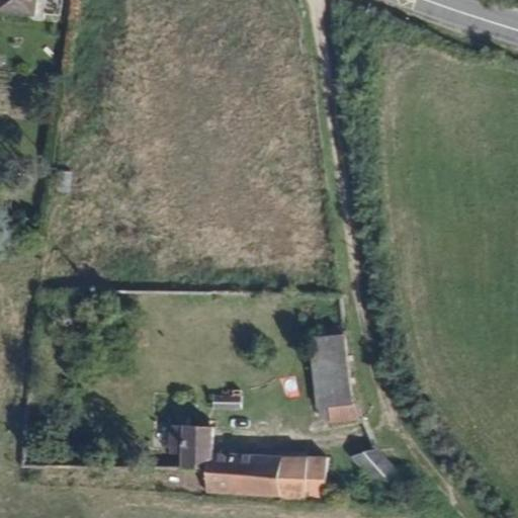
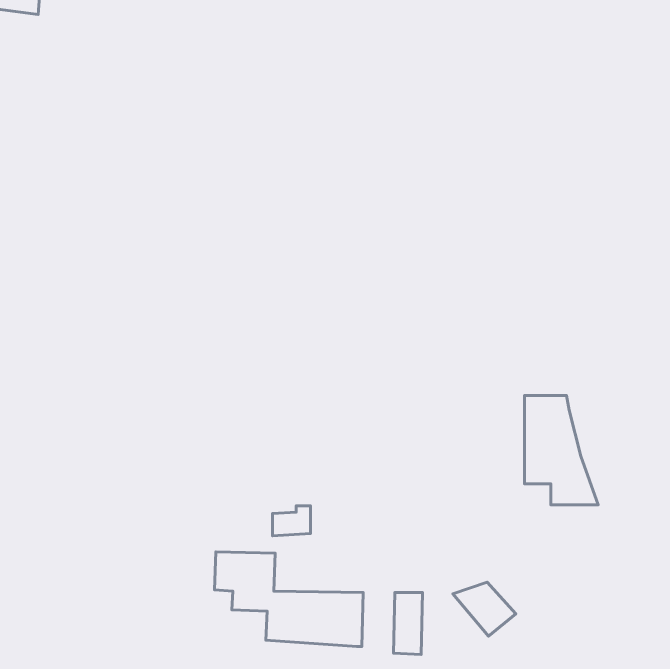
building: [309,330,365,414] -> [524,396,598,505]
building: [274,455,304,502] -> none

